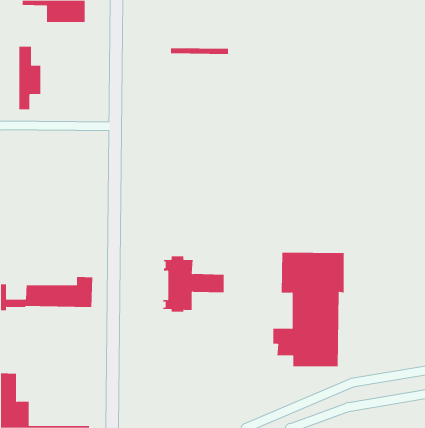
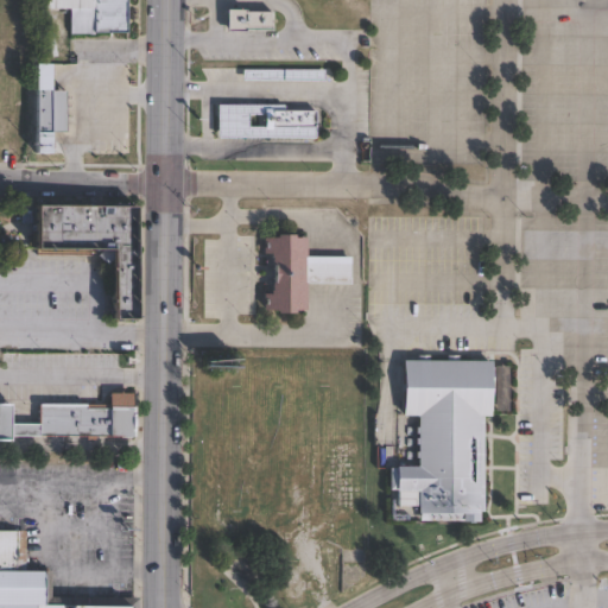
building: none -> [229,10,277,28]
building: none -> [220,103,318,137]
building: none -> [36,207,137,319]
building: [162,256,224,312] -> [264,233,352,312]

